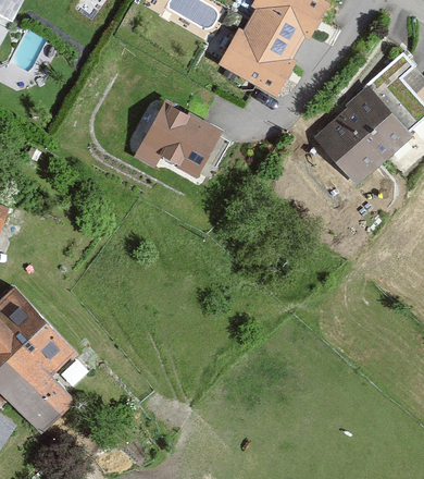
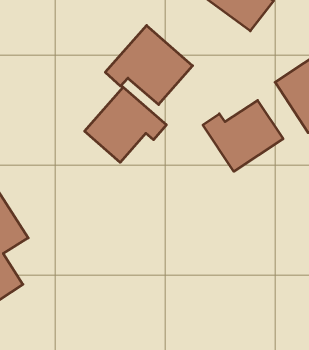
building: none -> [203,100,283,171]
building: none -> [85,87,166,162]

